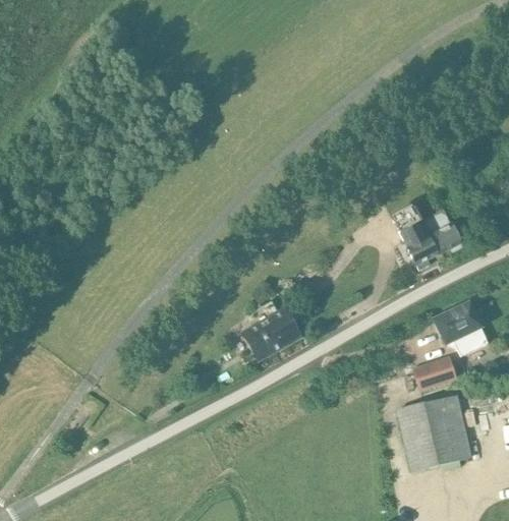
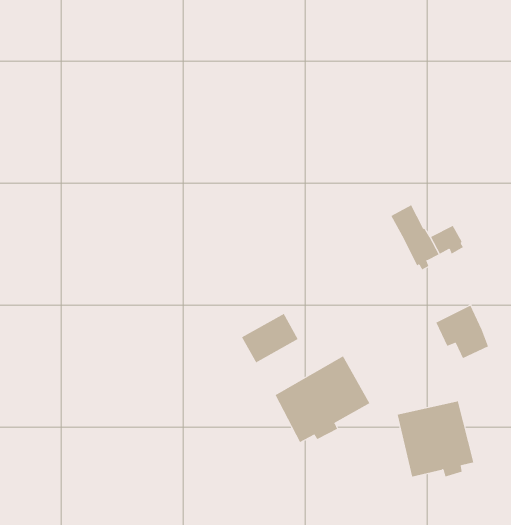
building: none -> [275,356,370,443]
building: [411,355,454,389] -> none

